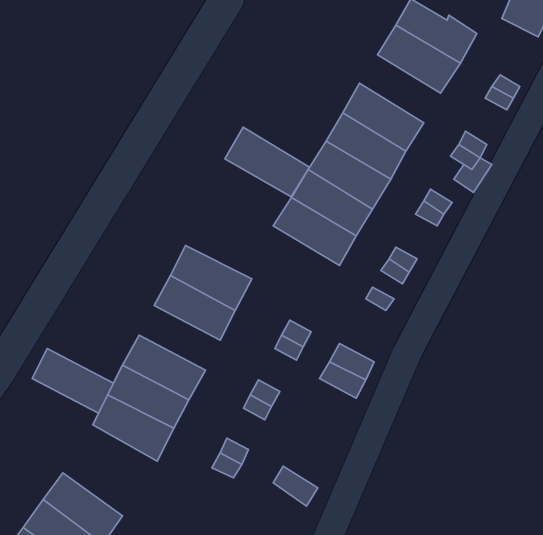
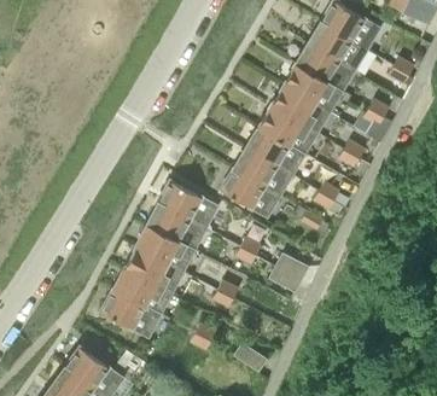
building: none -> [297,42,356,92]
building: [225,127,309,197] -> [221,167,282,217]
building: [32,348,113,413] -> [136,225,196,272]

